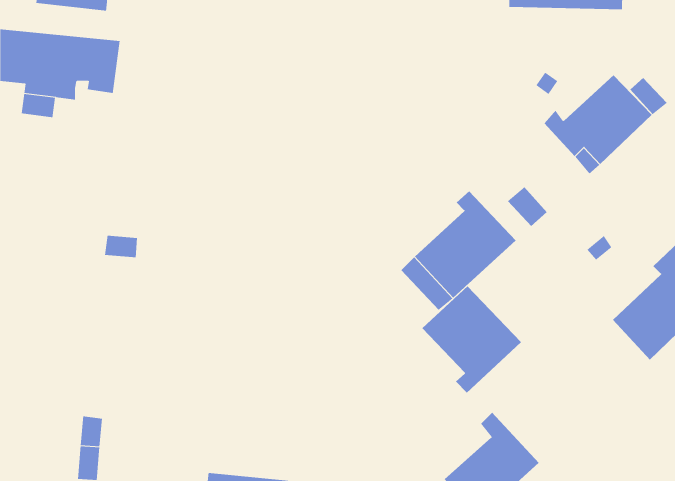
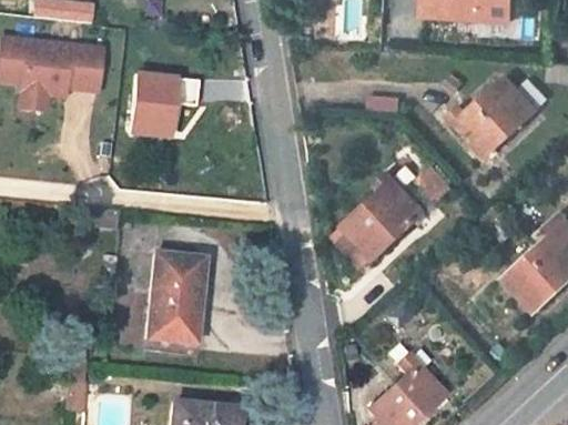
building: none -> [129,73,178,138]
building: [422,285,522,393] -> none
building: none -> [146,253,205,343]

